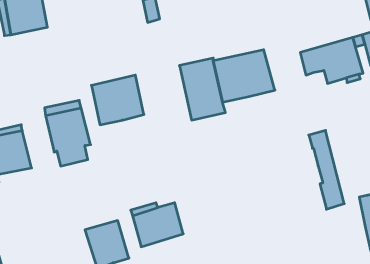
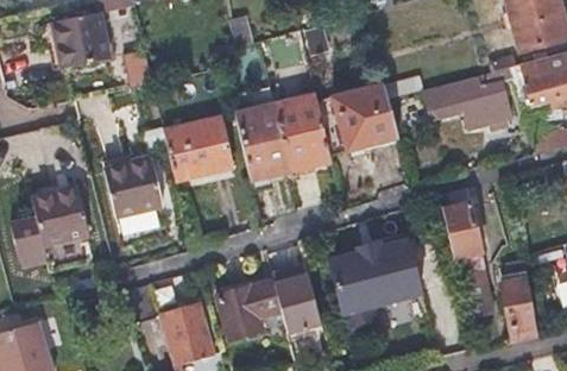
building: none -> [238,106,292,183]
building: none -> [329,239,421,335]
building: none -> [270,265,321,331]

